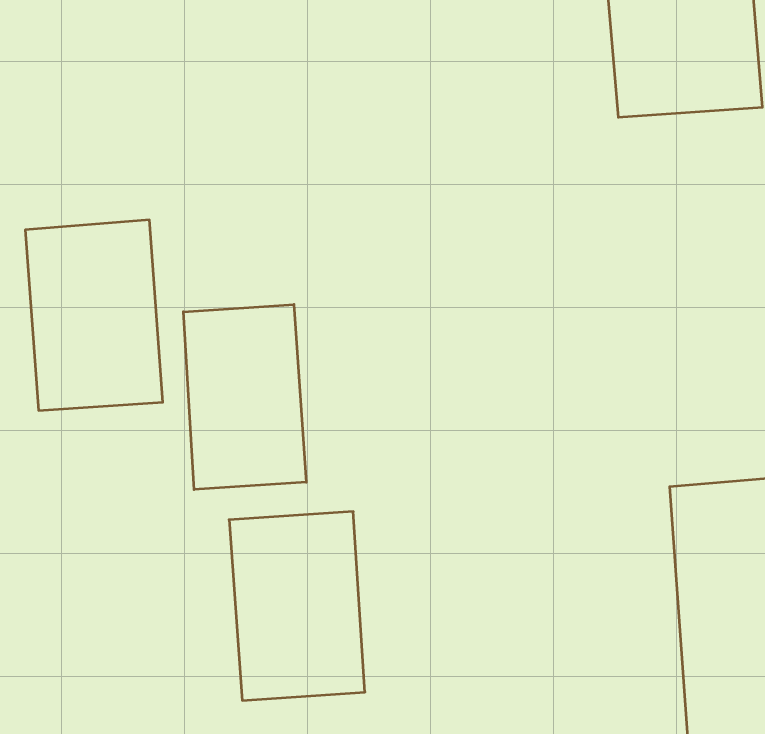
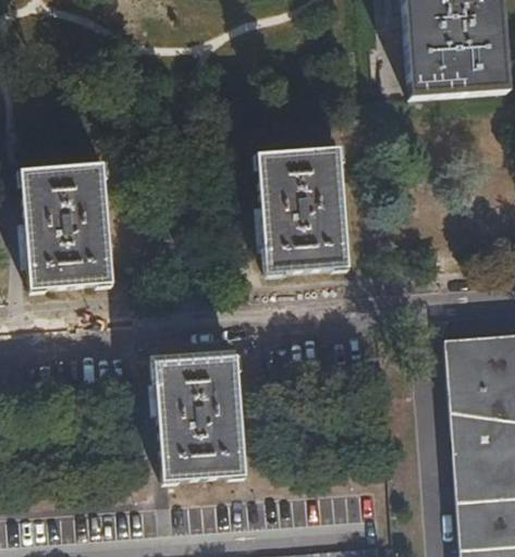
building: none -> [258,148,347,272]
building: [183,304,306,490] -> none

